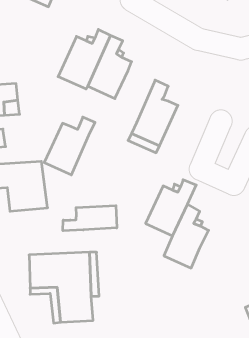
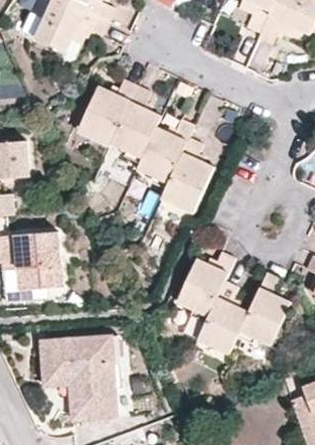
building: [44,117,95,175] -> [135,120,193,186]
building: none -> [239,273,290,345]
building: [63,206,117,231] -> none

